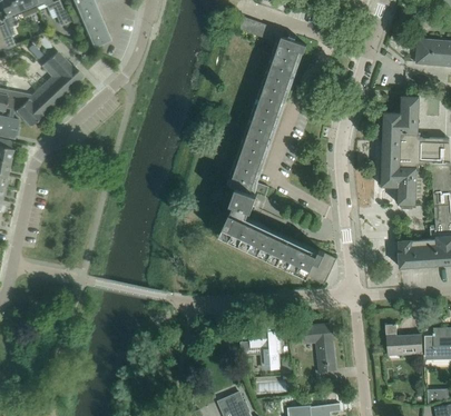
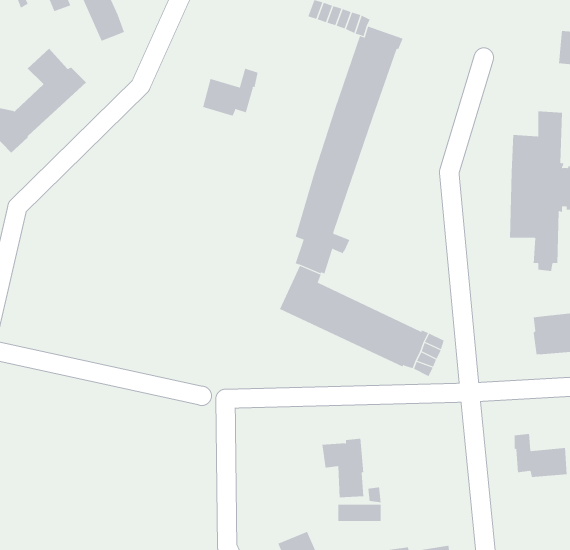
building: none -> [202,68,258,116]
building: [301,324,334,382] -> none

